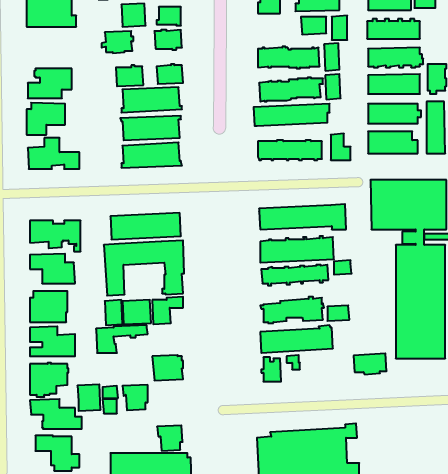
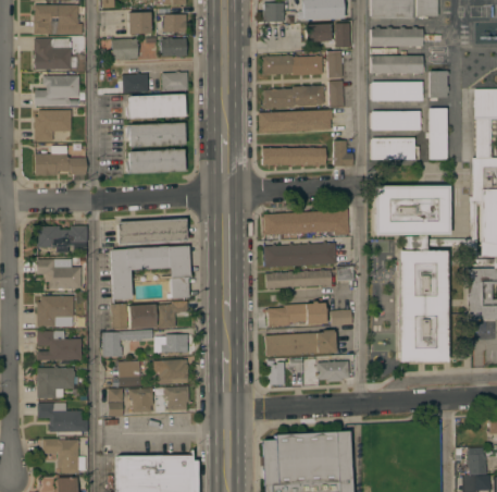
building: none -> [34,39,77,70]
building: none -> [161,334,188,354]
building: [354,353,387,374] -> [316,361,349,382]
building: [77,384,101,411] -> [119,361,141,388]
building: [157,425,183,451] -> [164,386,189,411]

